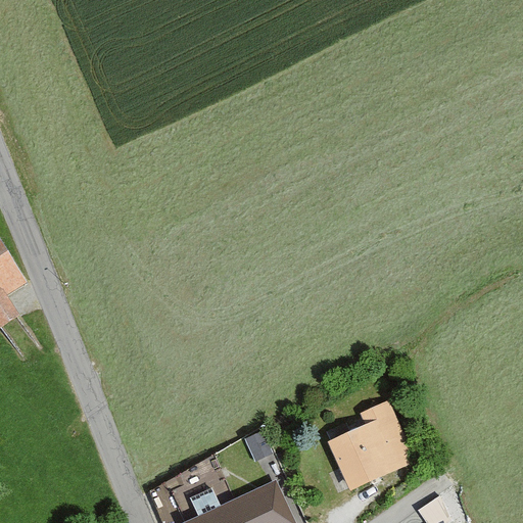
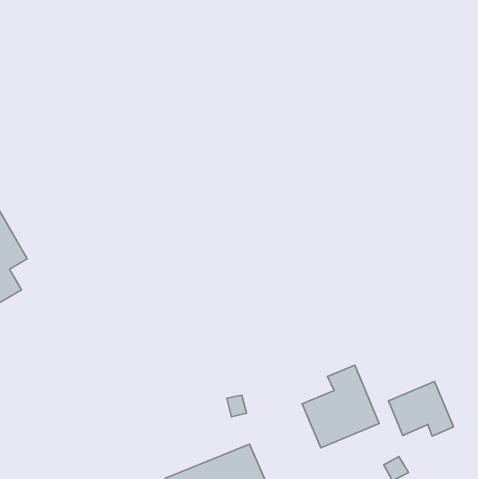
building: none -> [389,381,454,436]

